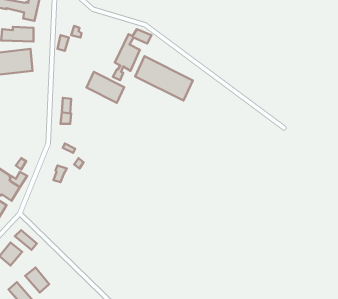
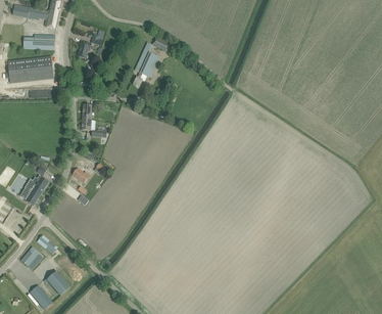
building: [135,56,193,101] -> none
building: [86,72,124,103] -> none

